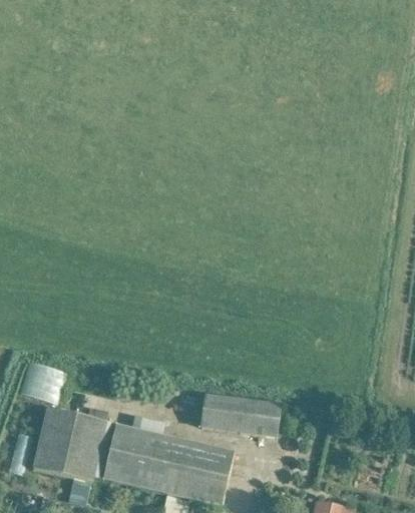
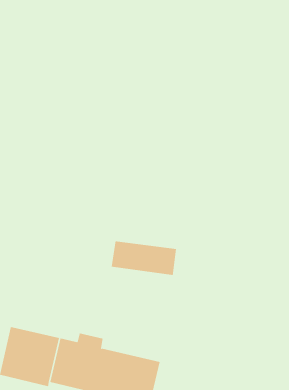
building: [199,394,282,437] -> [111,241,177,276]

